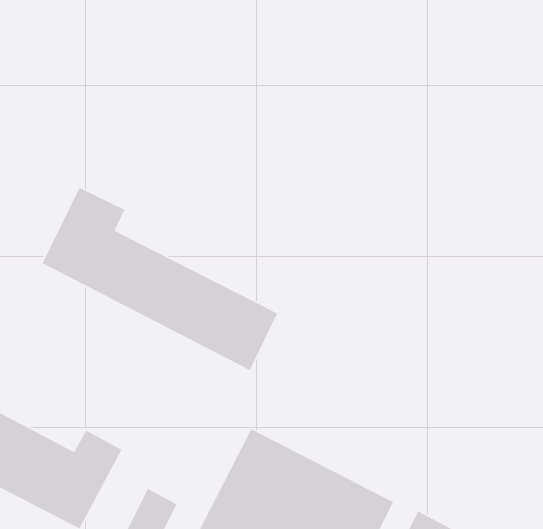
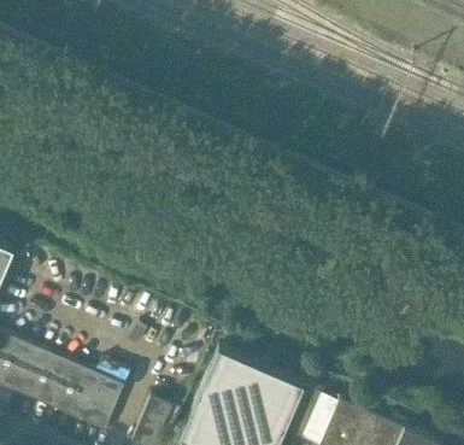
building: [41,187,278,371] -> none

